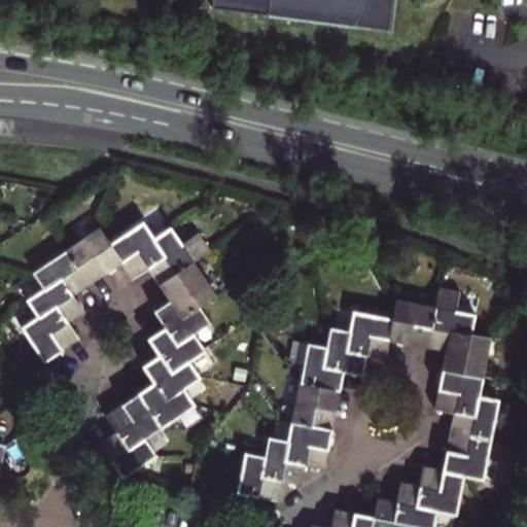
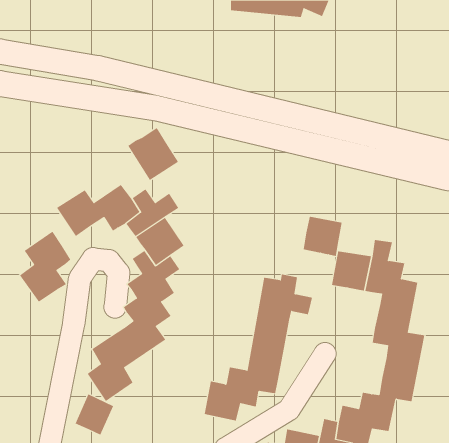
building: none -> [127,127,179,181]
building: [33,250,89,294] -> none
building: [346,312,392,359] -> [303,216,343,257]
building: none -> [75,393,114,435]

